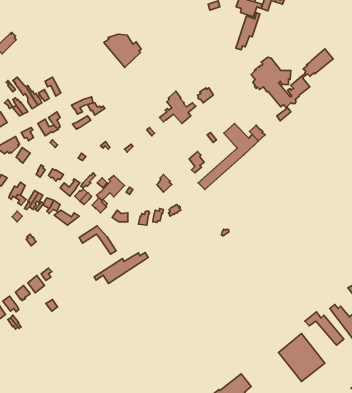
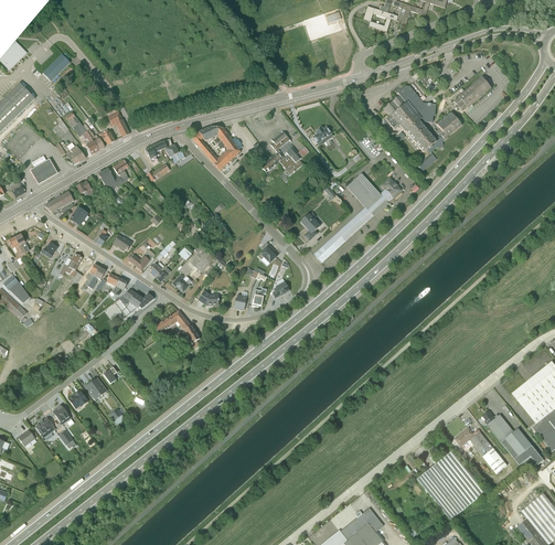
building: [236,13,260,50] -> none
building: [104,34,141,67] -> [192,126,242,170]
building: [94,252,148,284] -> none

